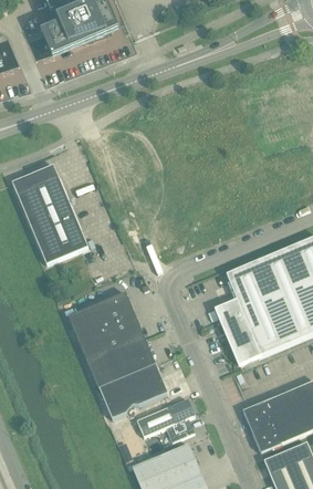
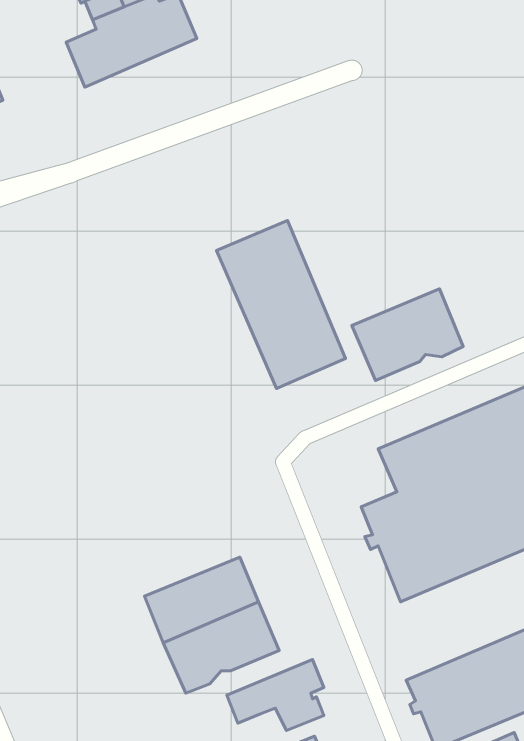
building: [11,163,87,262] -> [217,221,345,388]
building: none -> [352,289,463,381]
building: [69,291,144,360] -> none

